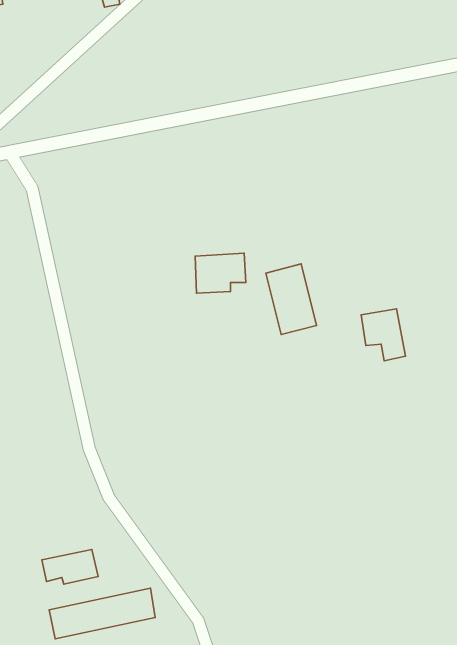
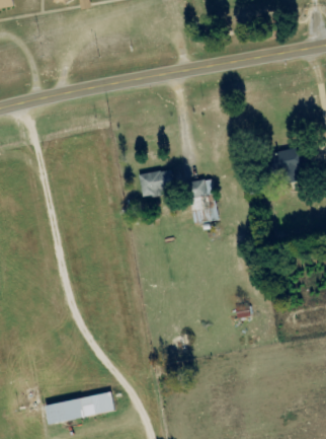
building: [361,309,406,361] -> [270,149,300,184]
building: [42,550,98,584] -> none

